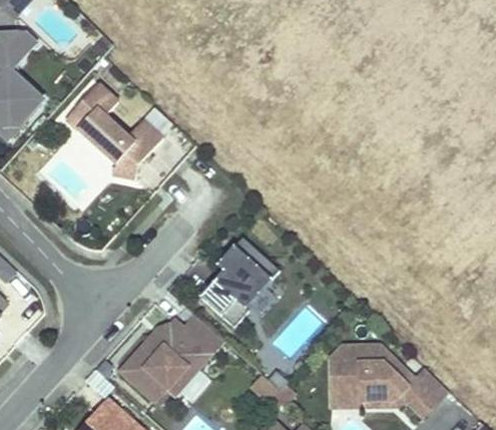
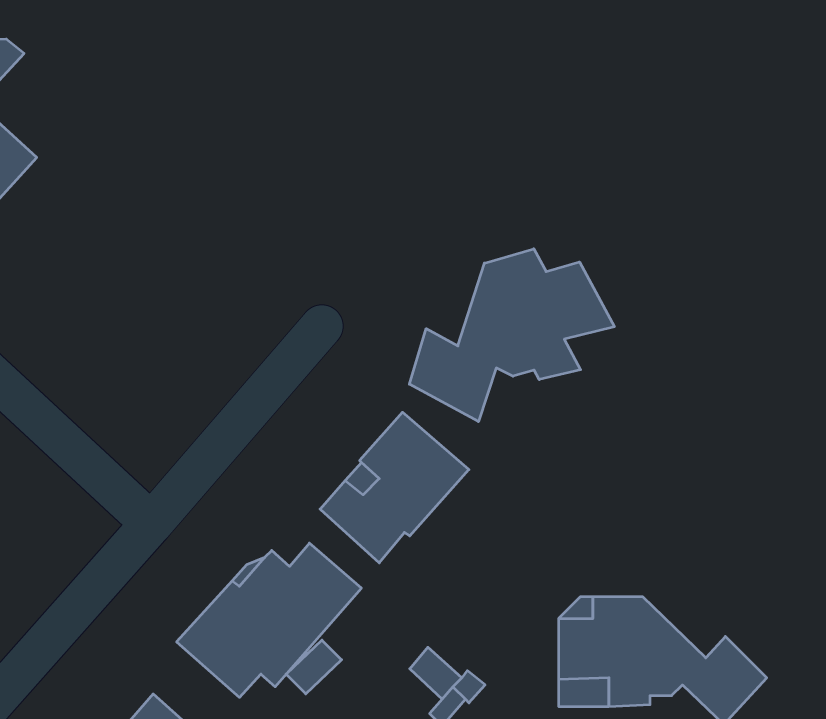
building: [67,78,161,173] -> none
building: none -> [409,249,614,422]

